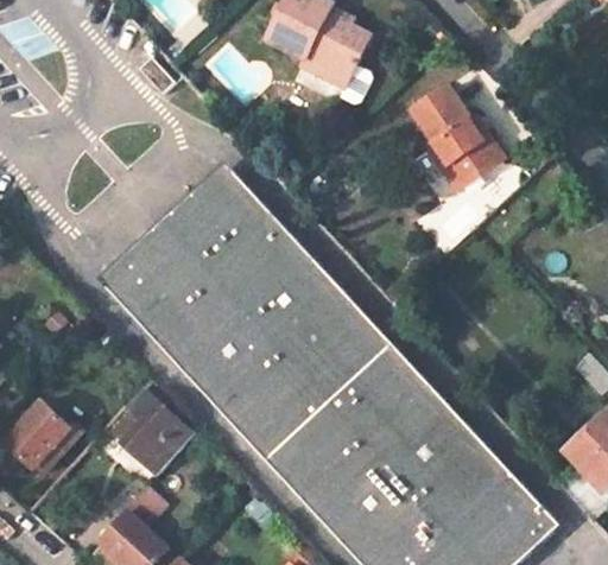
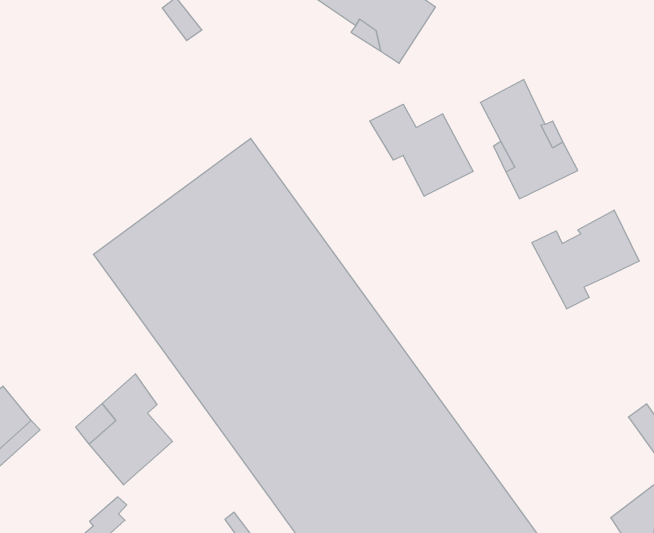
building: none -> [370,104,473,196]
building: none -> [532,210,639,309]

